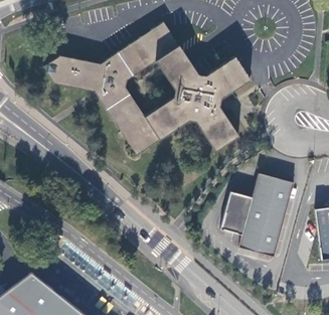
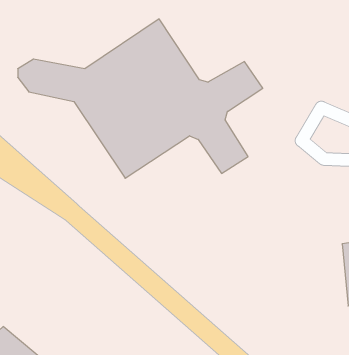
building: [220,173,292,256] -> none

